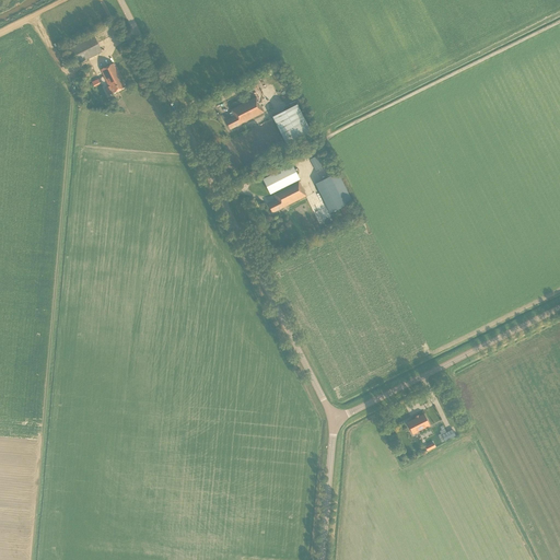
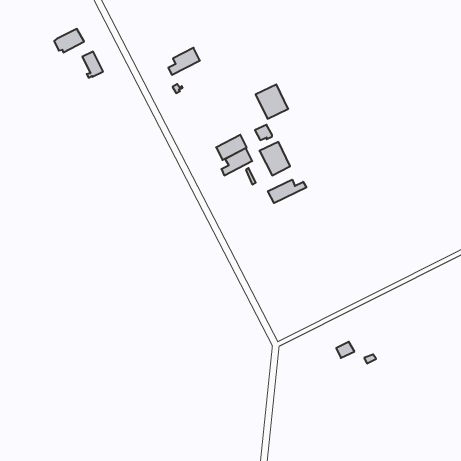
building: [224,96,262,129] -> [168,48,200,75]
building: [271,104,311,145] -> [256,84,288,119]
building: none -> [268,180,306,203]

